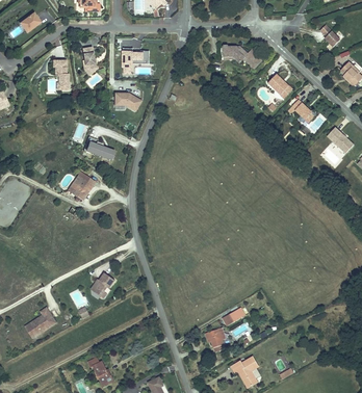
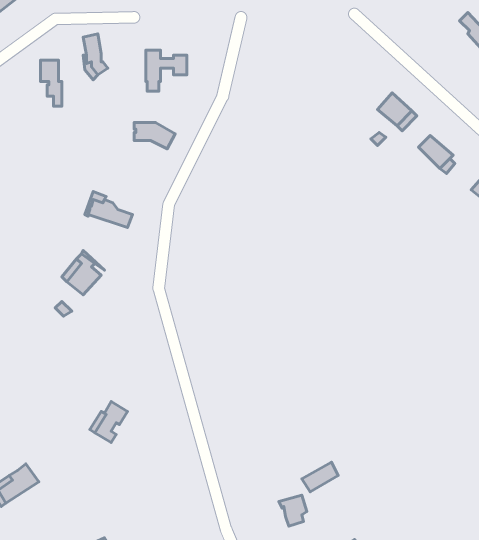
building: [226,47,263,72] -> none

